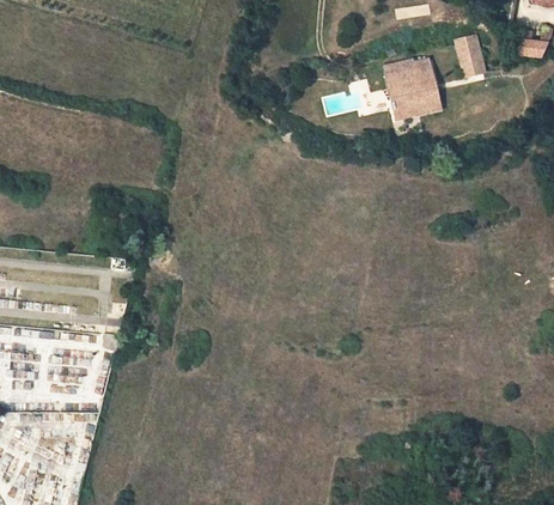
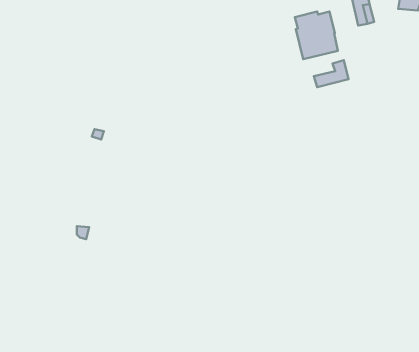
building: none -> [314,60,348,87]

